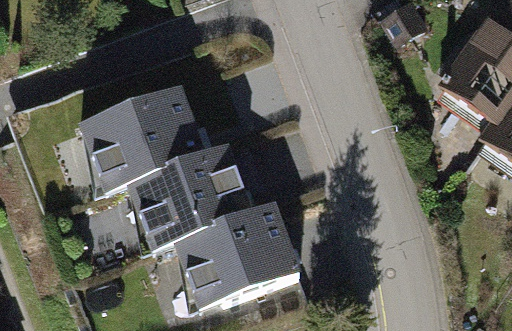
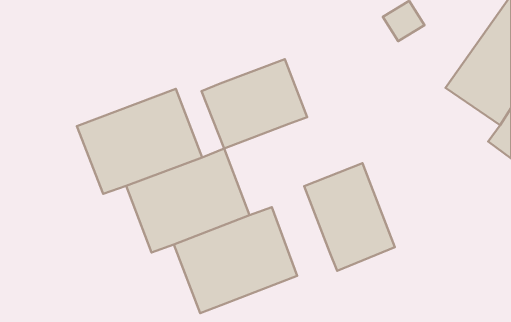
building: none -> [202,59,307,148]
building: none -> [304,163,395,271]

